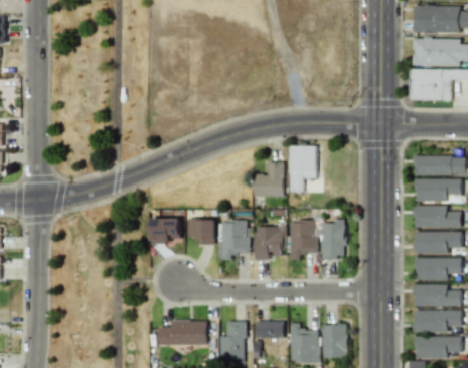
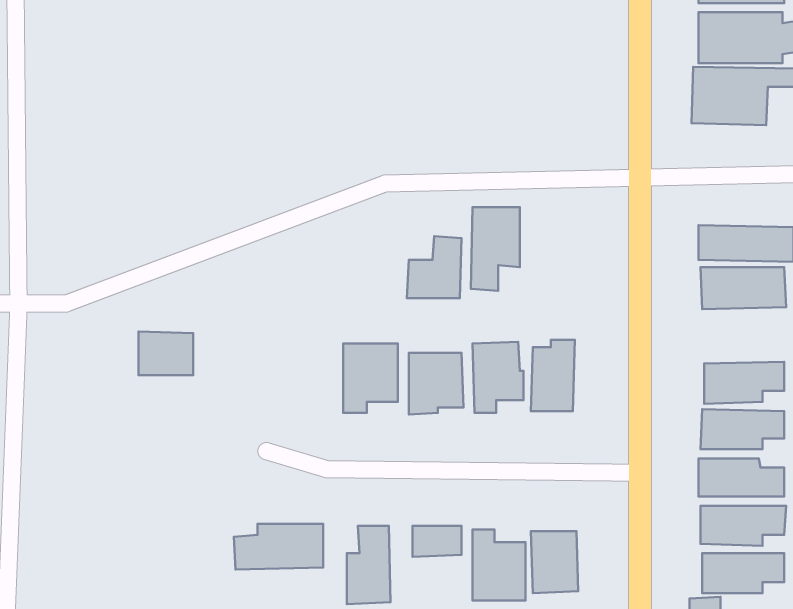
building: [414,205,461,227] -> none
building: [151,218,181,242] -> [138,331,193,375]
building: [188,220,215,244] -> none

